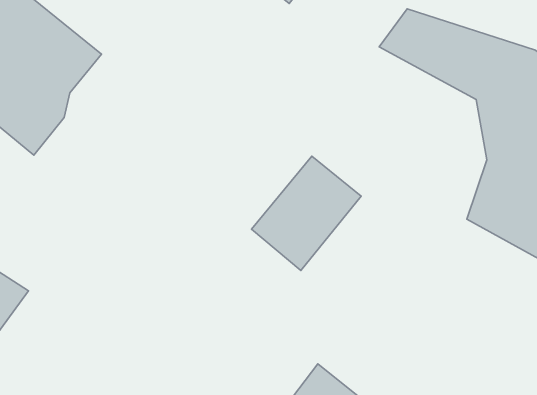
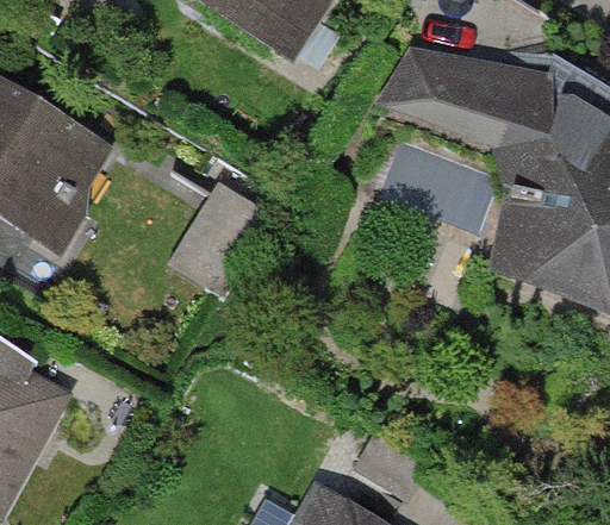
building: [251,156,361,271] -> [167,185,272,300]

